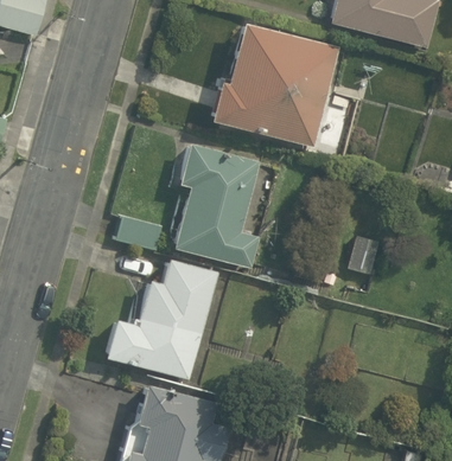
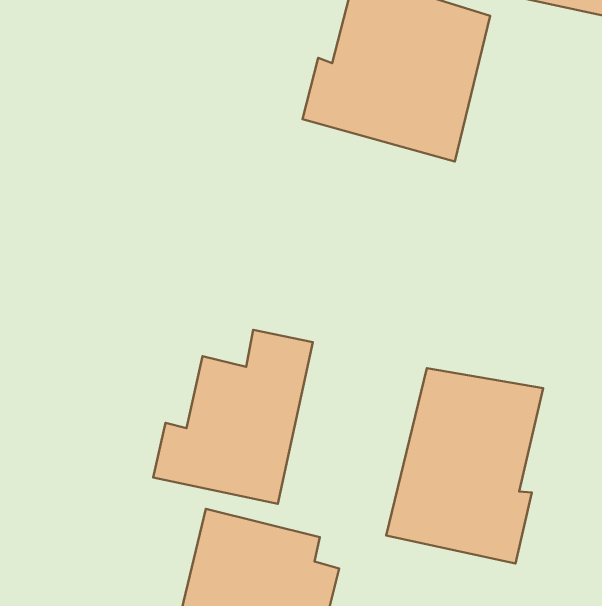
building: [167,142,265,265] -> none
building: none -> [386,368,543,564]

